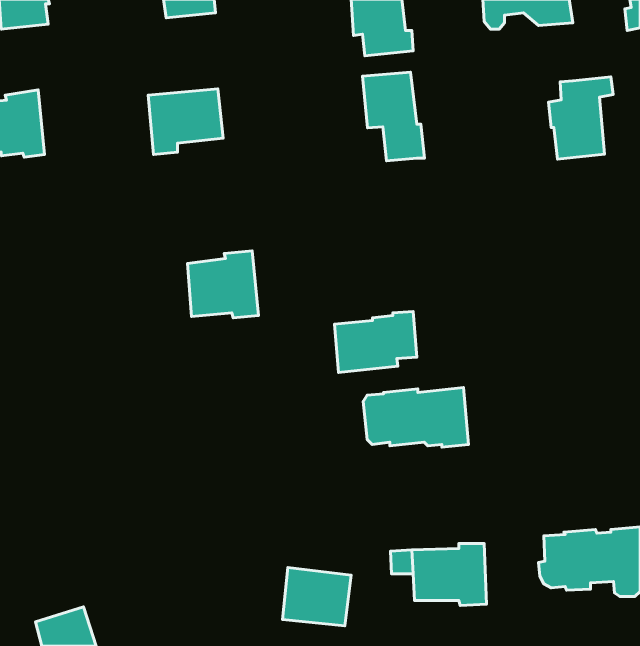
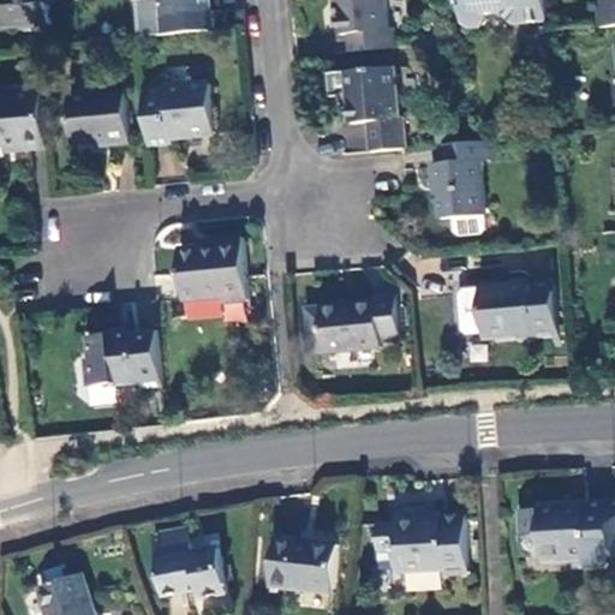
building: [549,77,613,159] -> [429,141,490,219]
building: none -> [66,92,127,145]
building: none -> [83,330,159,388]
building: [363,388,468,447] -> [455,282,555,339]
building: none -> [148,526,225,599]

